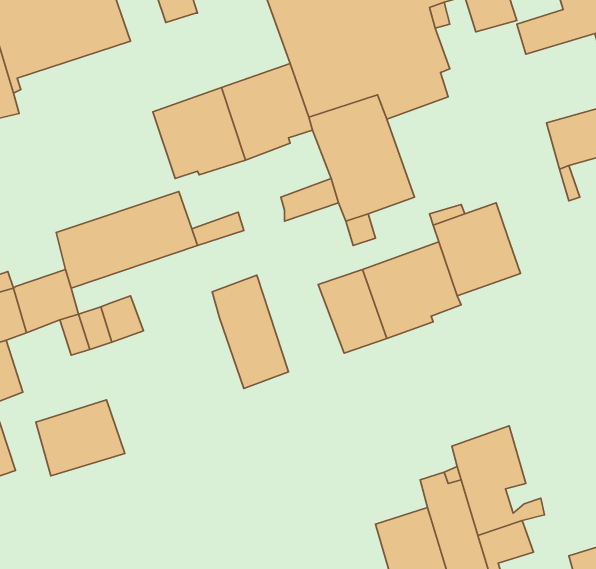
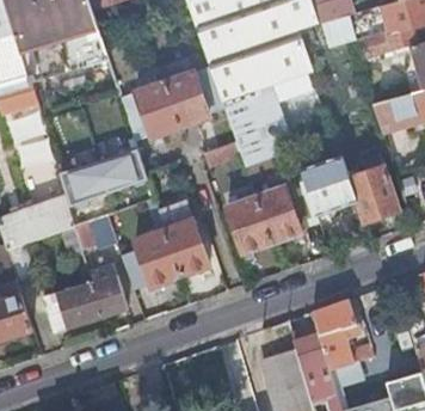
building: none -> [349,159,398,221]
building: none -> [122,228,179,288]
building: none -> [87,259,128,315]

